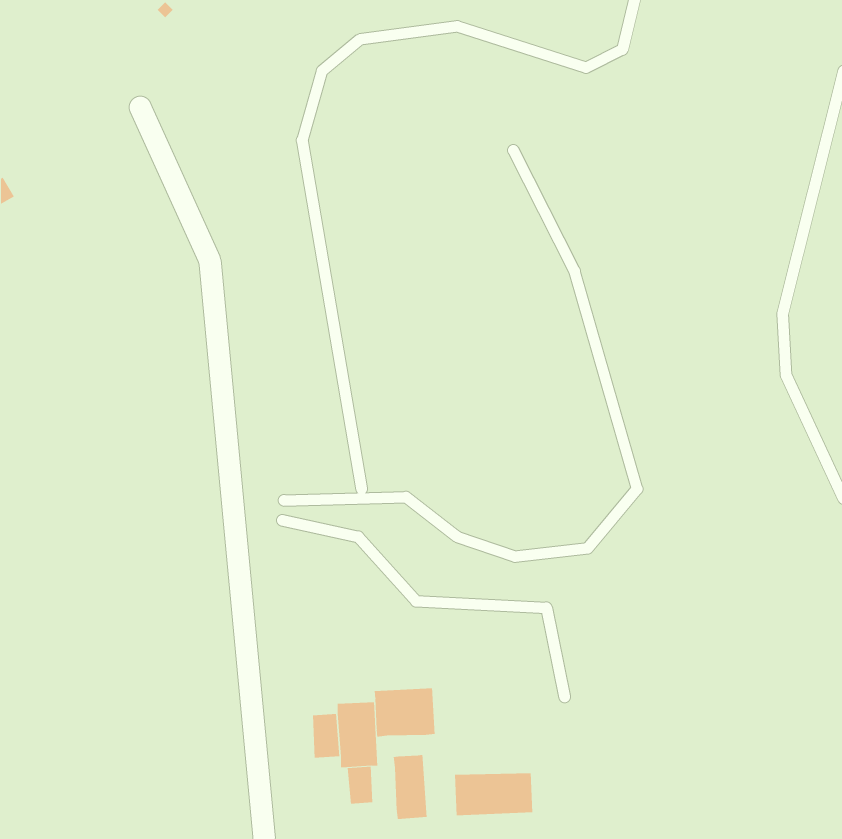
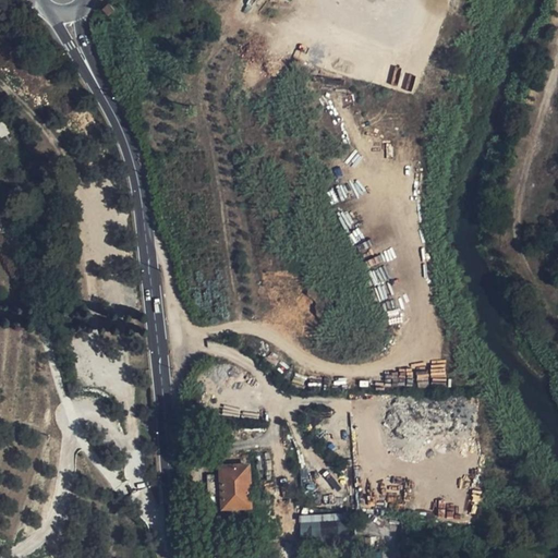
building: [374,687,435,737] -> none
building: [393,754,427,820] -> none

